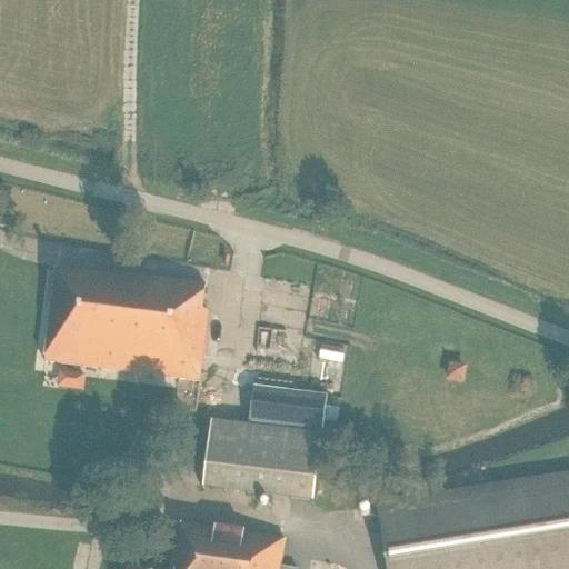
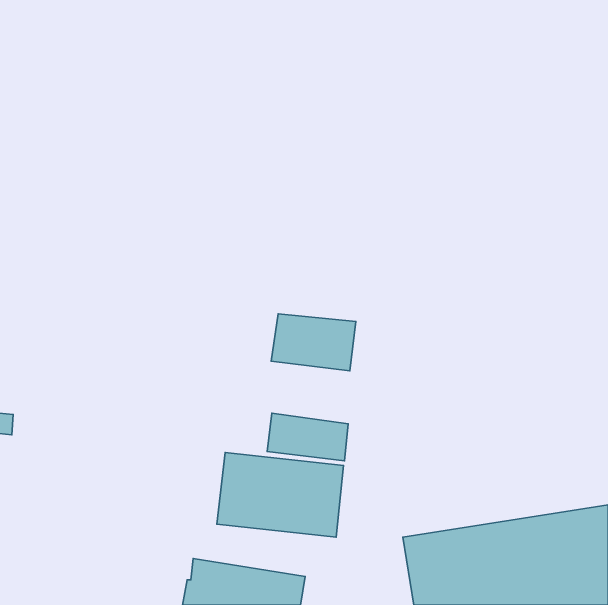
building: [43,268,207,398] -> none
building: none -> [271,314,356,371]

